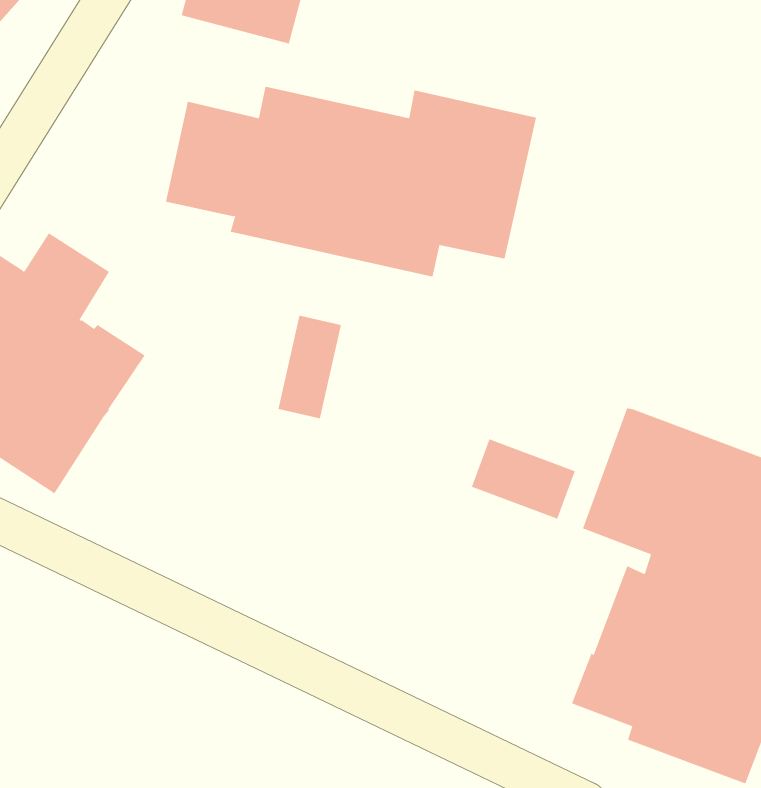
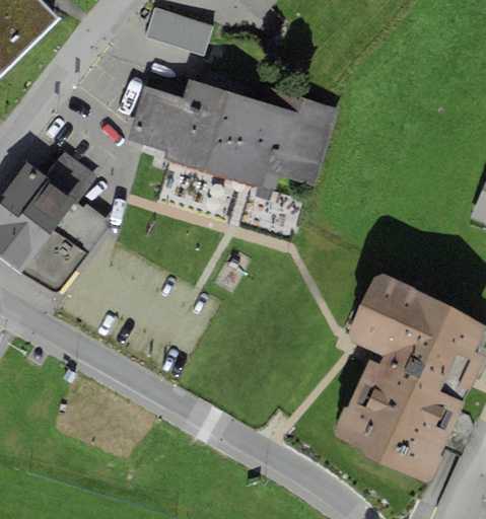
building: [278,315,341,419] -> none
building: [471,439,576,520] -> none

